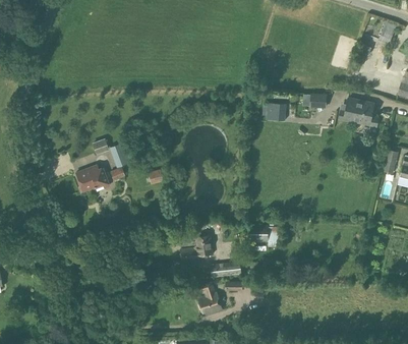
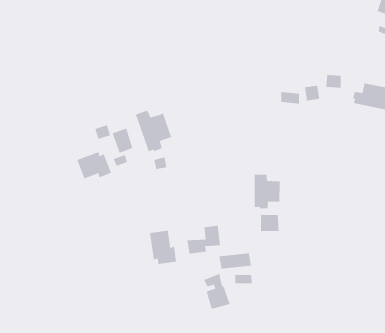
building: none -> [135,110,172,152]
building: none -> [254,174,280,209]
building: none -> [149,230,176,265]

